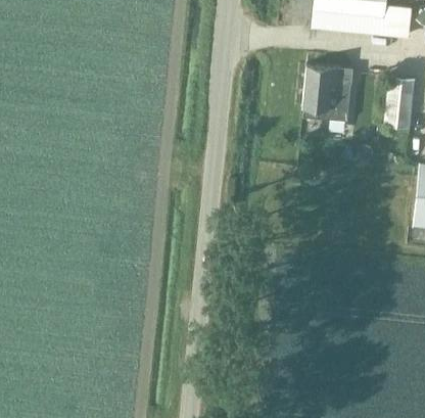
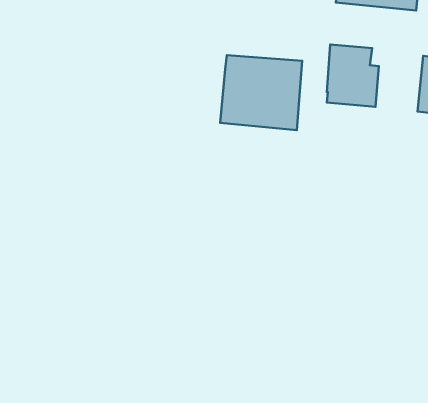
building: none -> [220,55,302,130]

